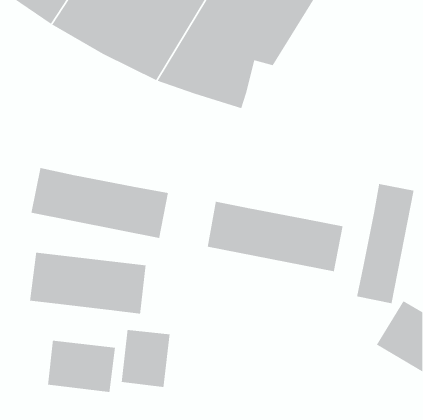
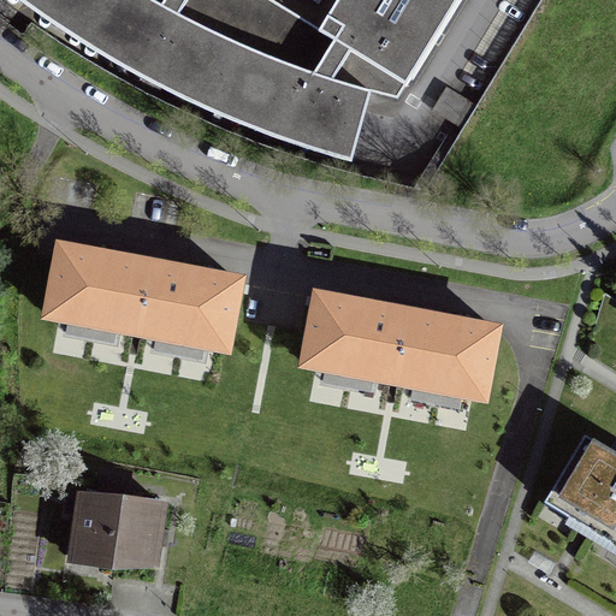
building: [356,183,414,304] -> none
building: [29,252,147,314] -> none
building: [121,329,171,388] -> none

